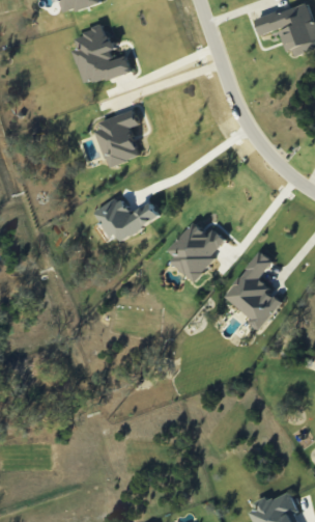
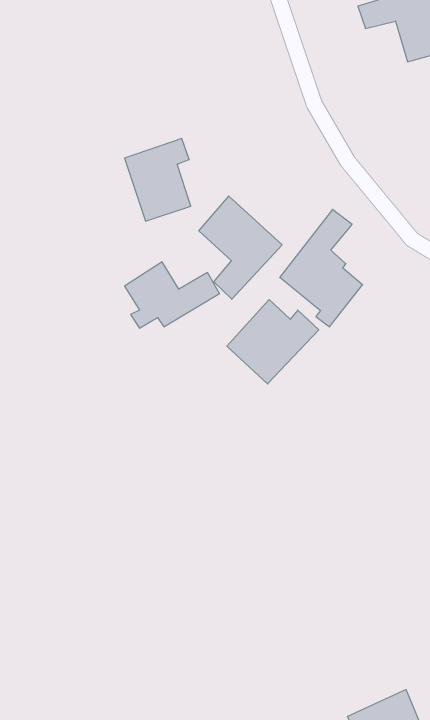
building: [75,27,133,84] -> none
building: none -> [199,196,282,299]
building: [225,250,282,331] -> [280,209,363,327]

